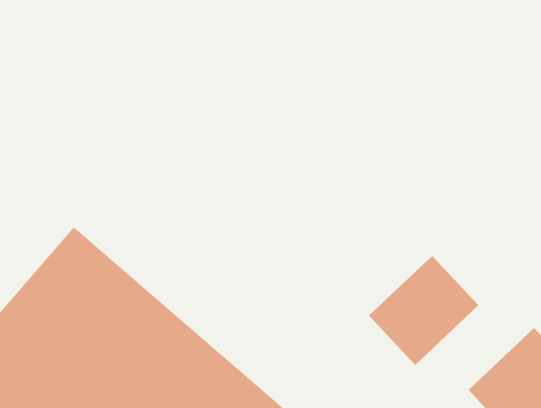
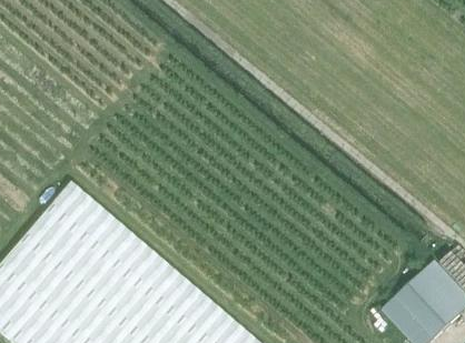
building: [368,255,479,366] -> none

